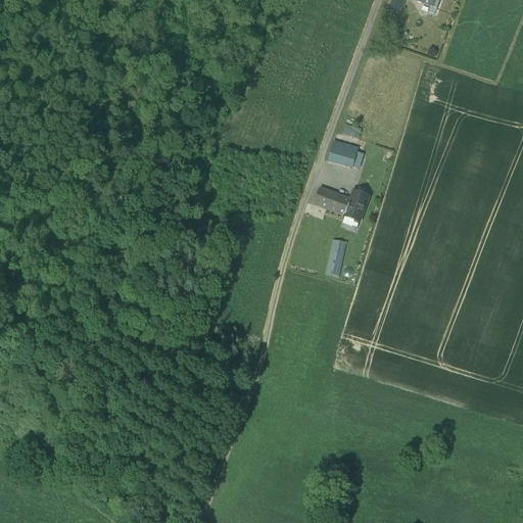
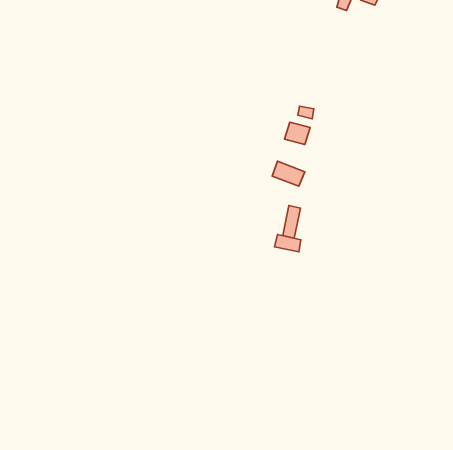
building: [344,189,369,221] -> none
building: none -> [275,235,301,252]

